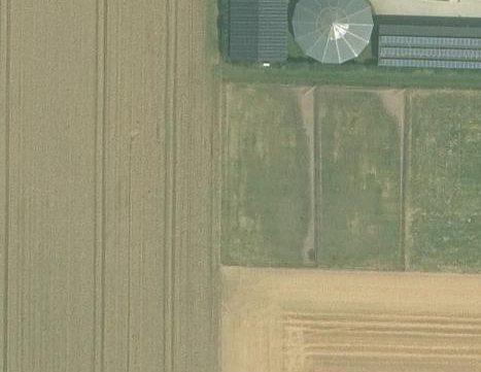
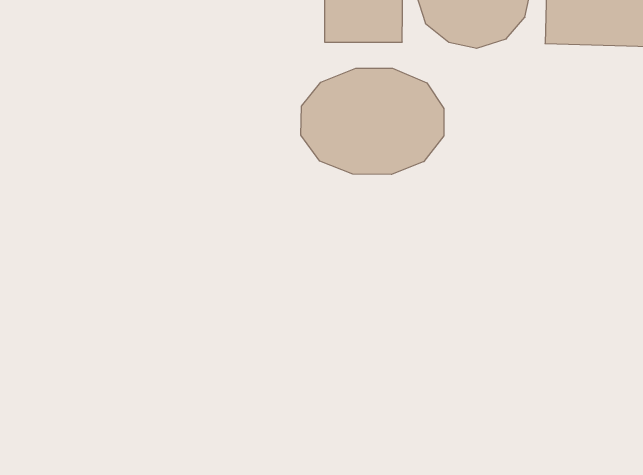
building: none -> [301,68,444,174]

